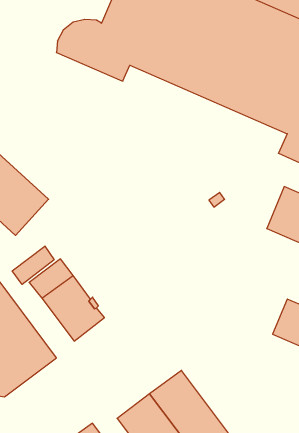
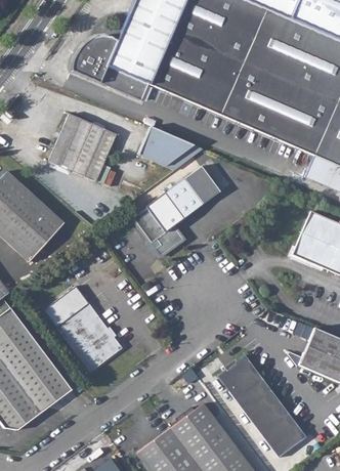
building: none -> [49,114,118,181]
building: none -> [139,126,203,169]
building: none -> [133,165,221,255]
building: [12,246,54,284] -> none
building: none -> [218,354,307,458]

